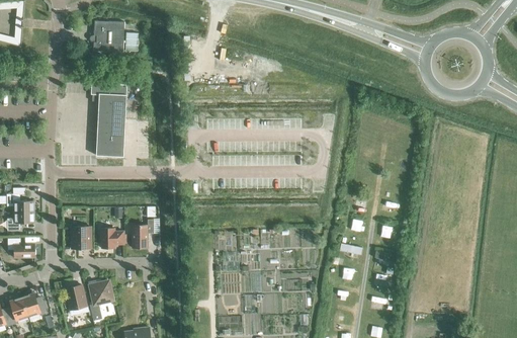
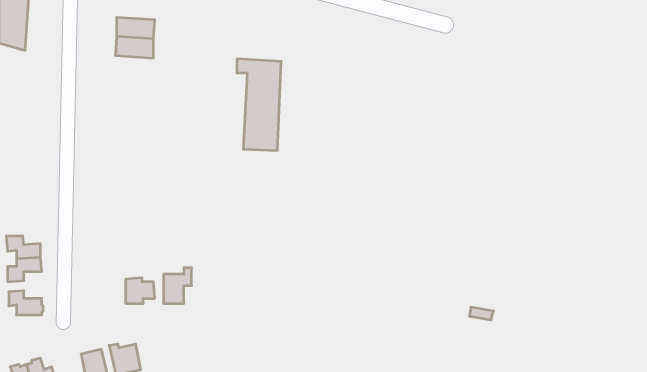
building: [91,83,126,156] -> [237,59,281,150]
building: [70,227,90,249] -> none

